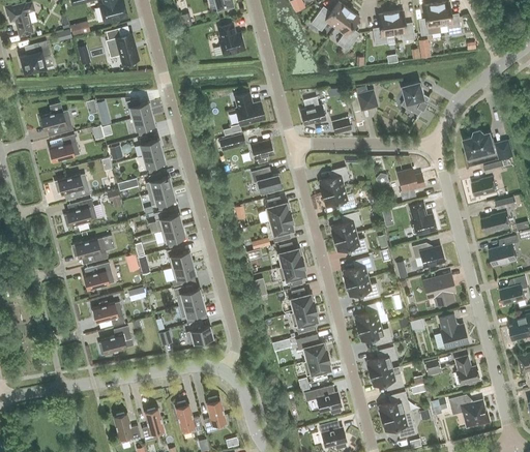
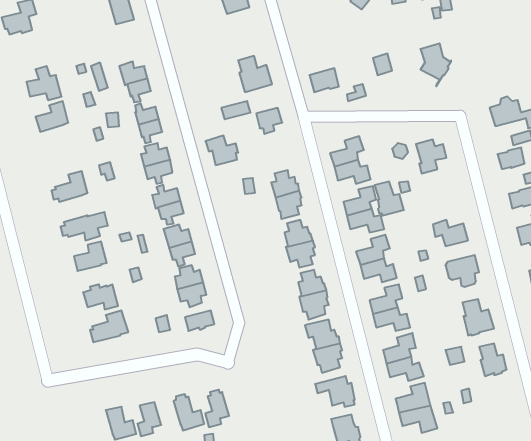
building: [252,167,282,193] -> [205,136,238,165]
building: [55,174,89,197] -> none
building: [409,203,436,234] -> [375,182,404,216]
building: [448,394,489,426] -> none

